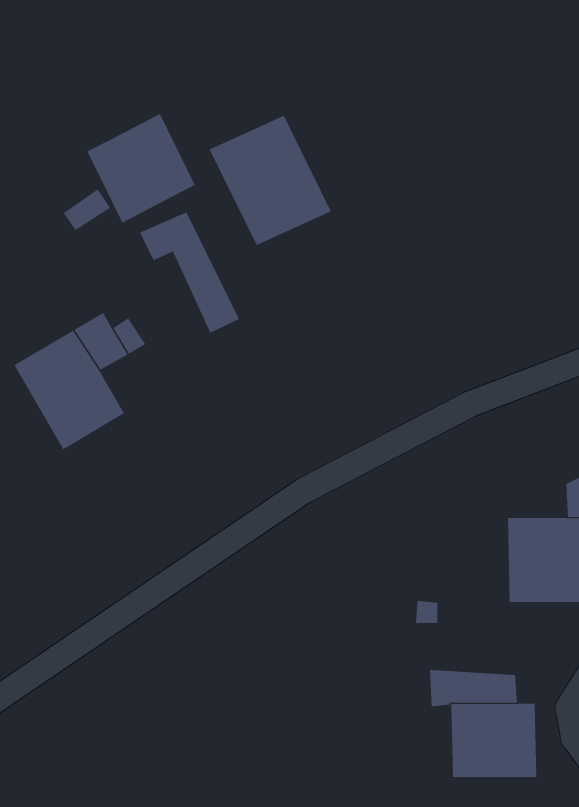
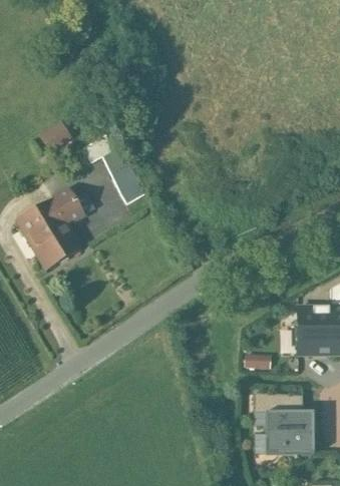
building: [87,113,196,223] -> none
building: [209,115,332,246] -> none

